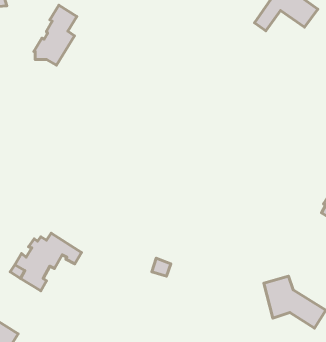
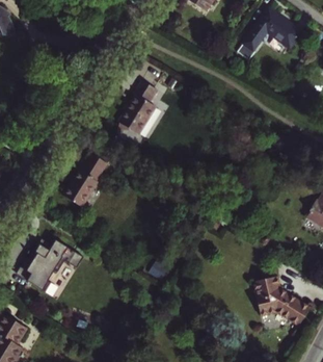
building: [34,5,77,65] -> [117,82,157,137]
building: none -> [62,156,106,209]

